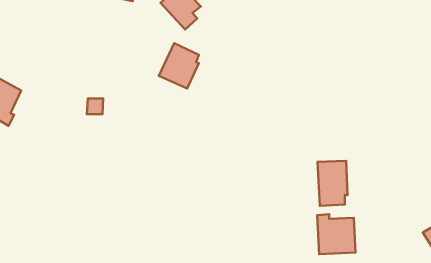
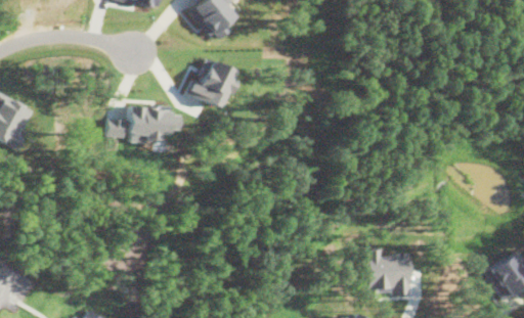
building: none -> [128,108,177,143]
building: [317,161,348,206] -> none

